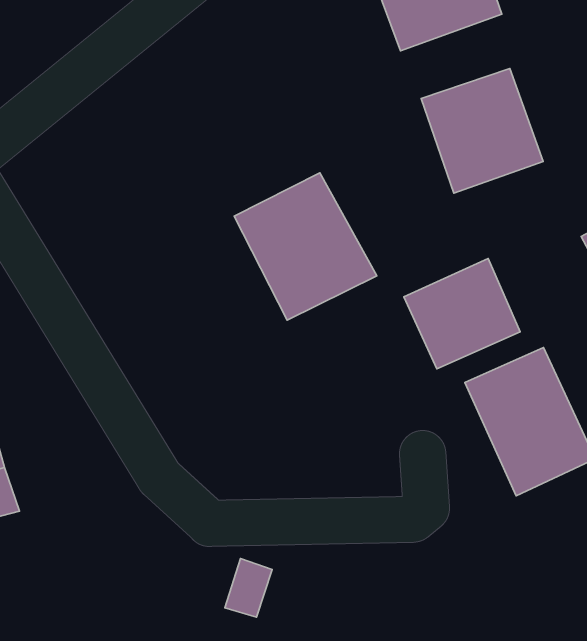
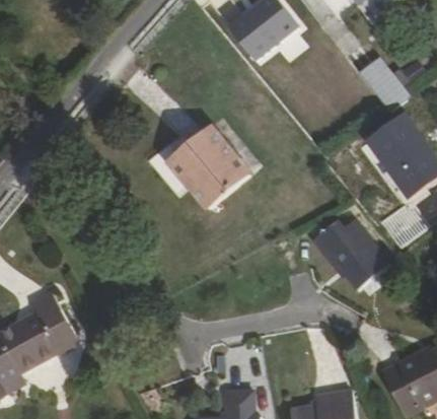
building: [421,68,543,193] -> none
building: [404,259,520,369] -> none

